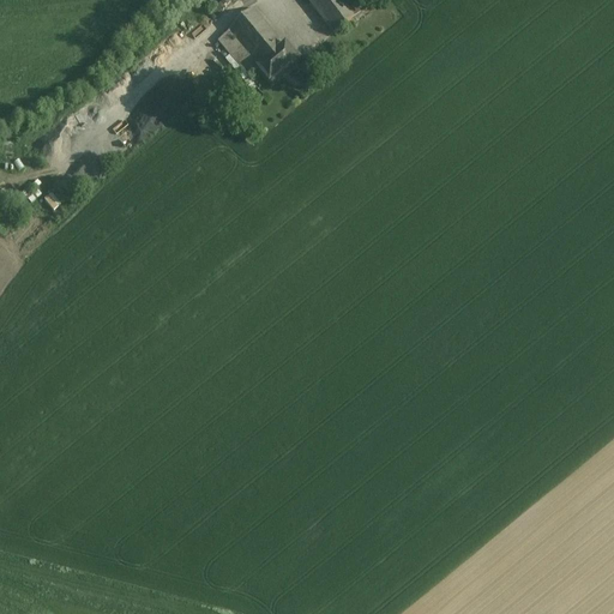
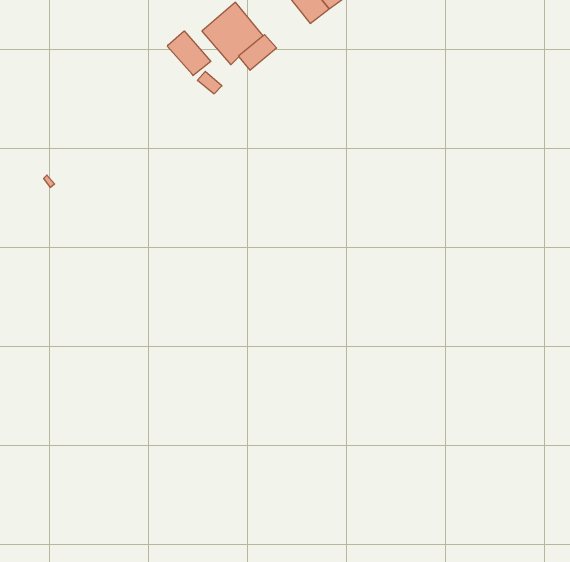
building: none -> [167,31,211,76]

